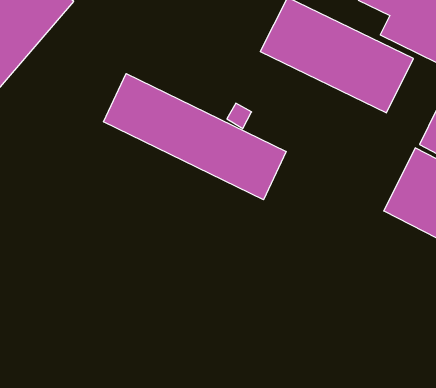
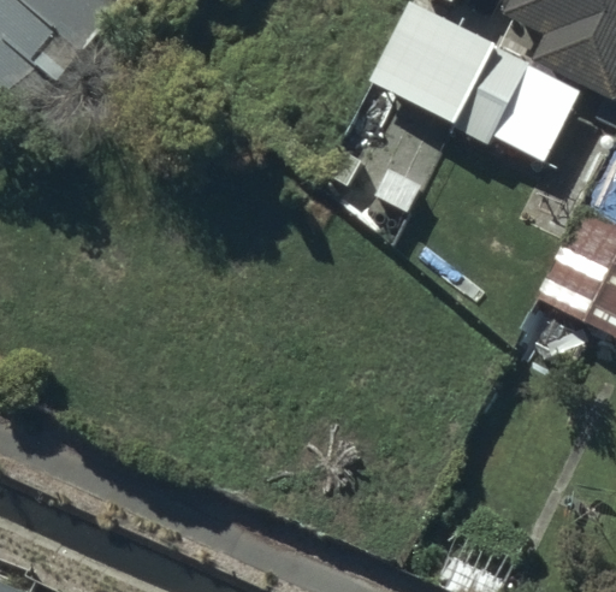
building: [104,74,286,200] -> none

